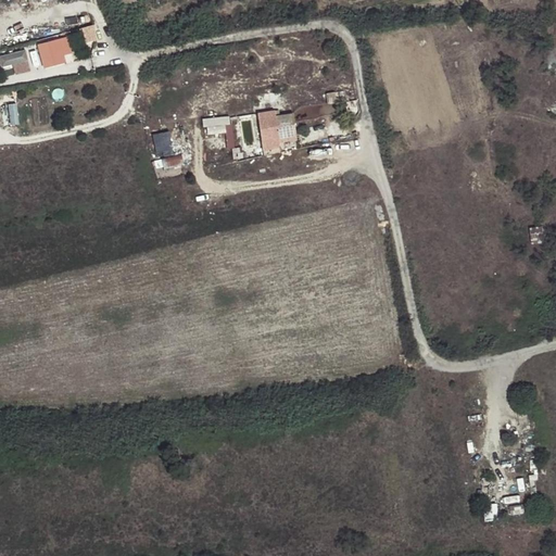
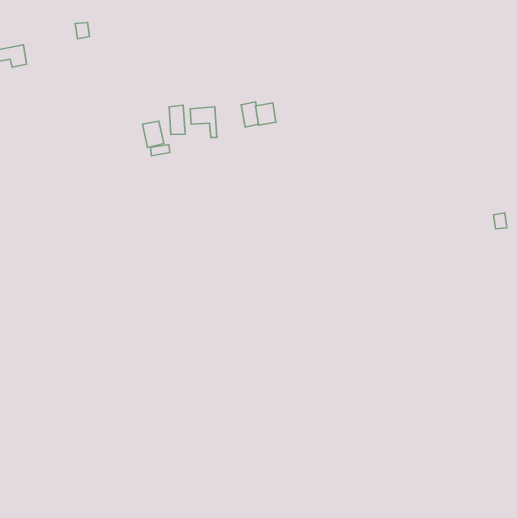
building: [35,36,72,70] -> none
building: none -> [169,105,185,134]

